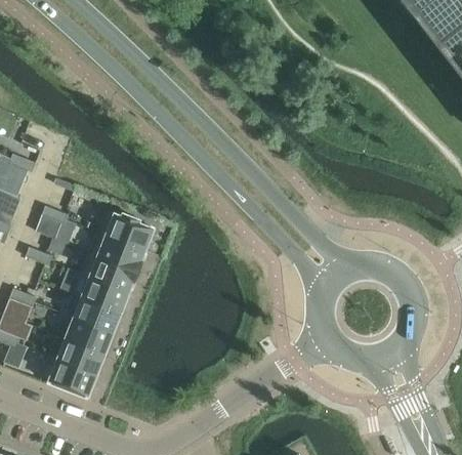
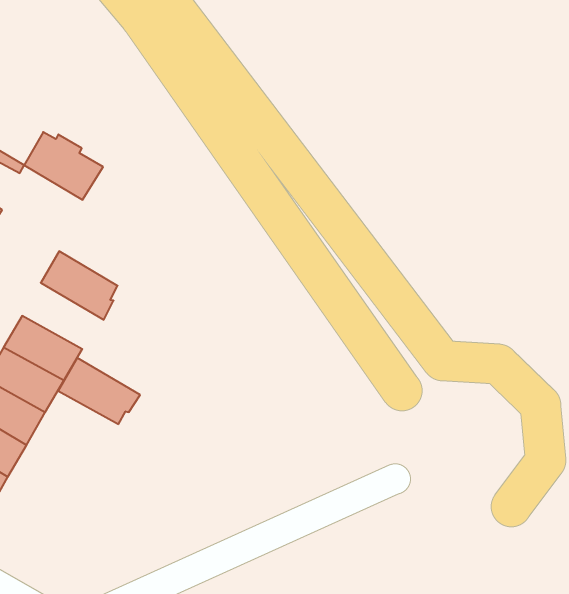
building: [106,213,153,250] -> [24,132,103,200]
building: [89,255,138,291] -> [58,358,140,424]

